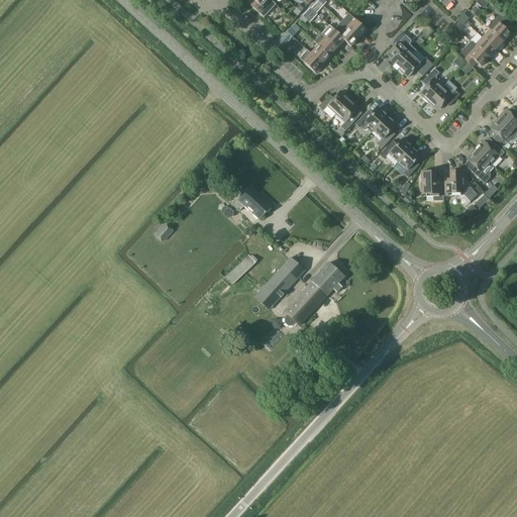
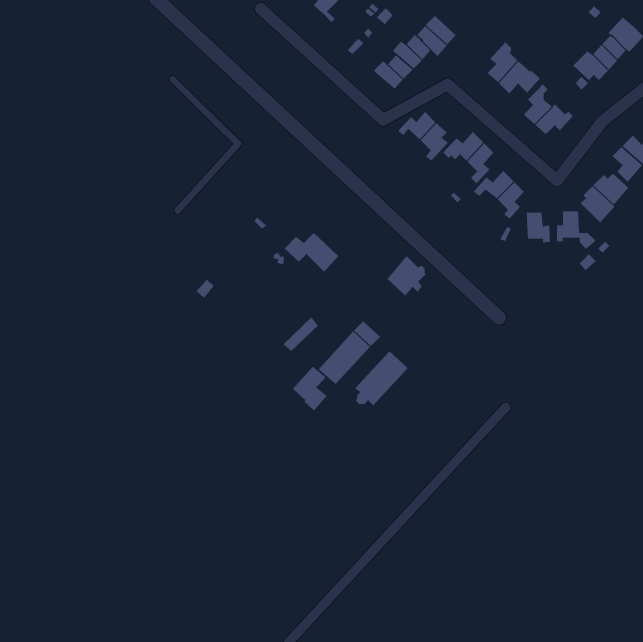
building: [313,262,345,295] -> [386,255,427,297]
building: none -> [292,366,328,411]

